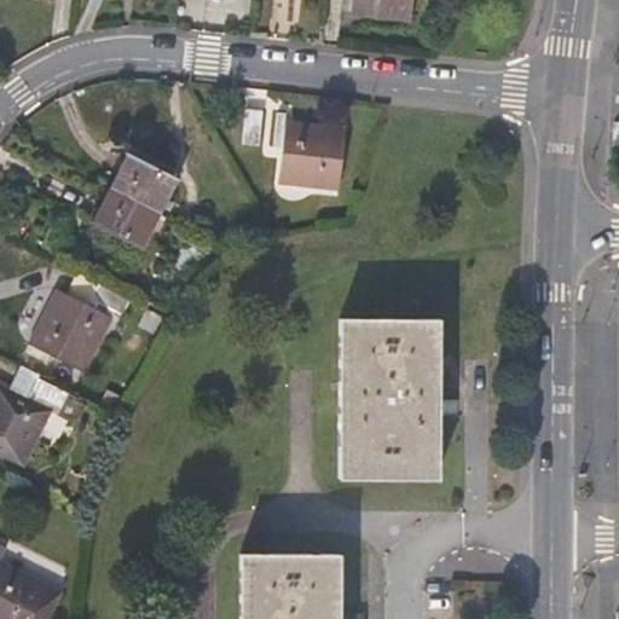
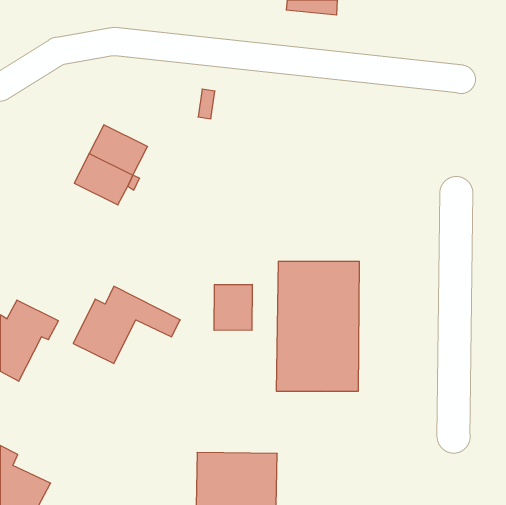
building: [272,121,346,191] -> none
building: [29,276,160,370] -> [73,286,180,363]
building: none -> [214,284,252,330]

